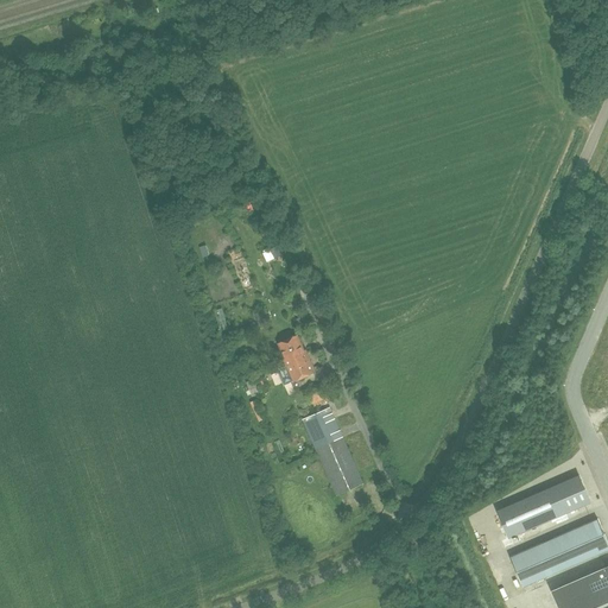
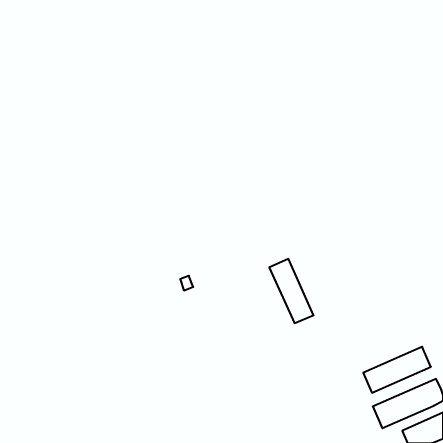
building: [279,336,316,381] -> none
building: [303,407,363,495] -> [269,259,314,323]

